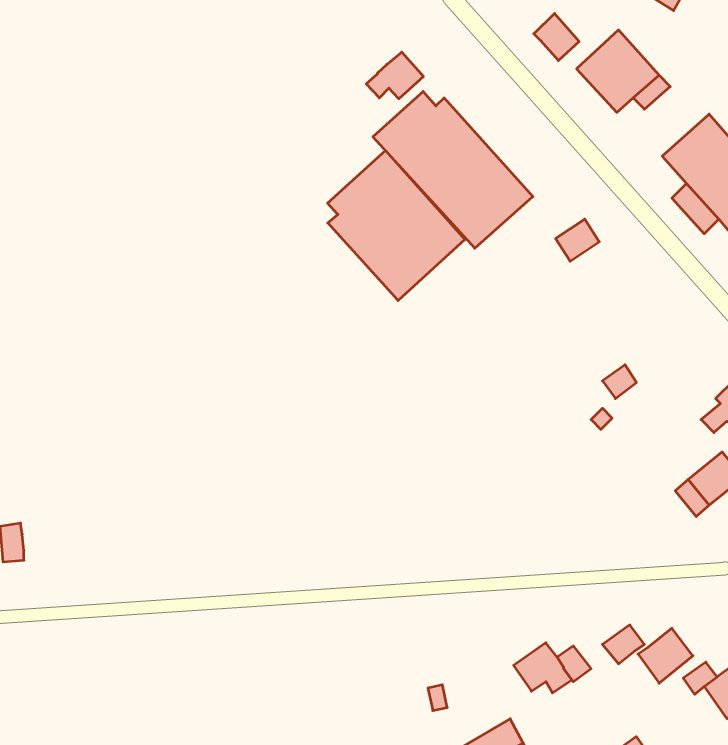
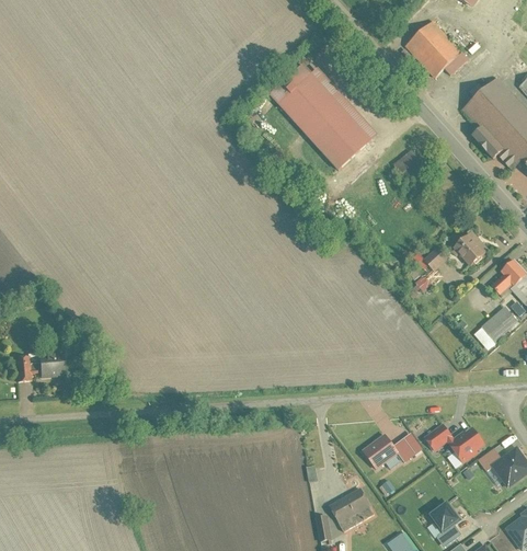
building: [534,13,579,61] -> none
building: [366,52,423,99] -> none
building: [328,151,465,301] -> none
building: none -> [454,231,489,266]
building: none -> [31,354,68,380]

